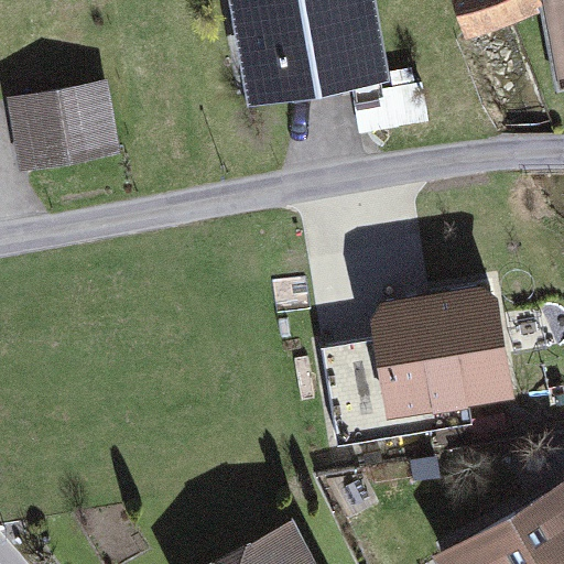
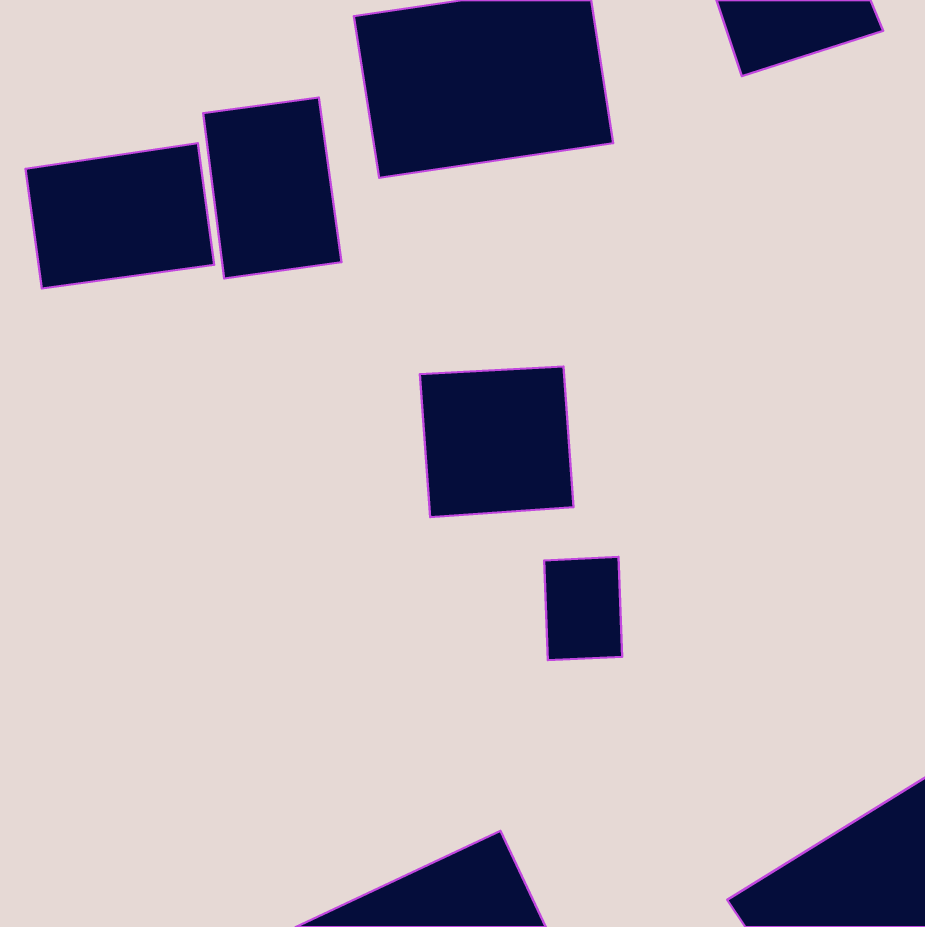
building: none -> [203,97,341,279]
building: none -> [420,366,573,517]
building: [377,288,511,412] -> none

